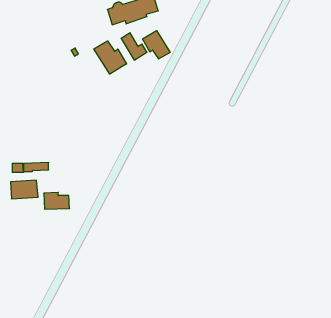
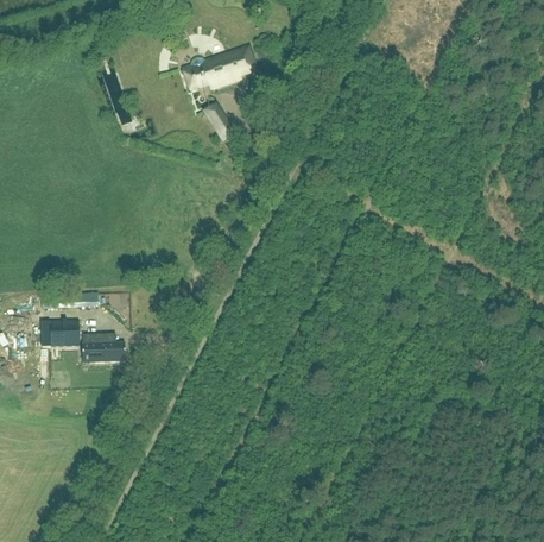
building: [142,31,170,59] -> none
building: [94,41,127,74] -> none

